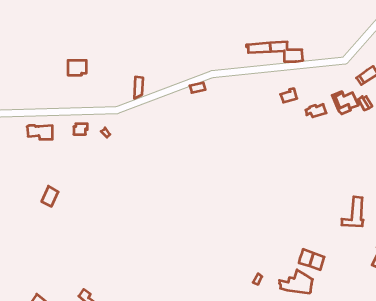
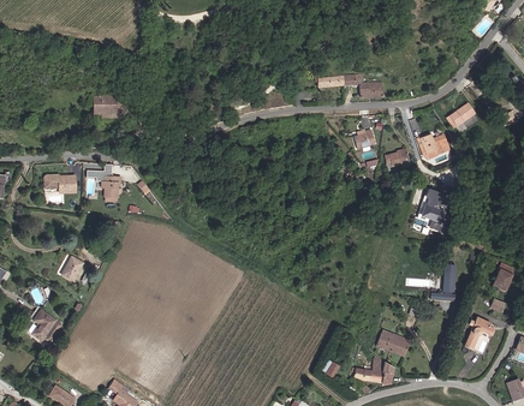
building: none -> [418,187,452,231]
building: none -> [30,309,60,340]

